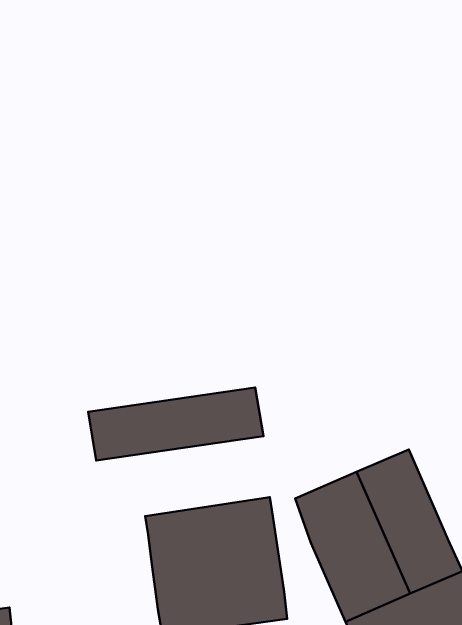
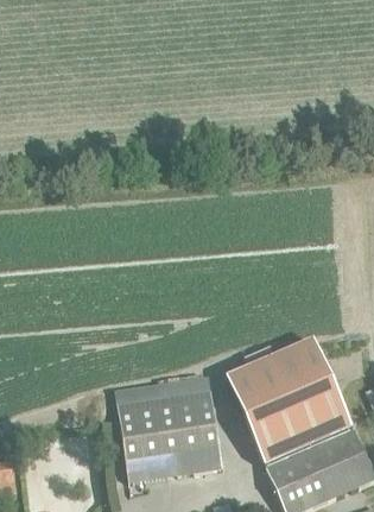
building: [88,387,263,461] -> none

